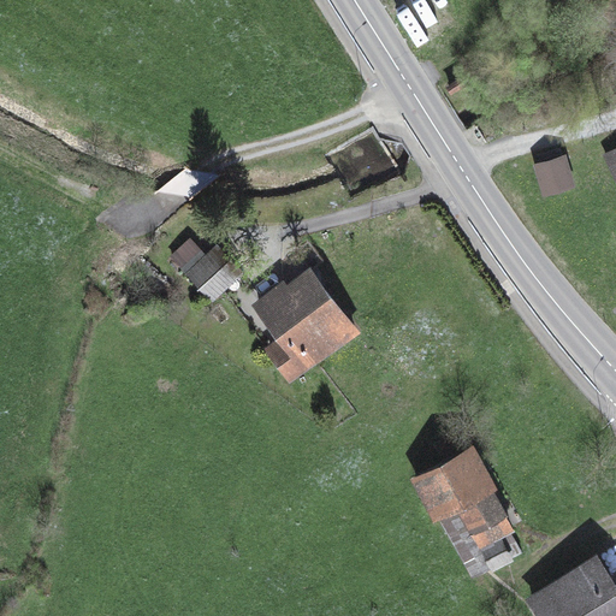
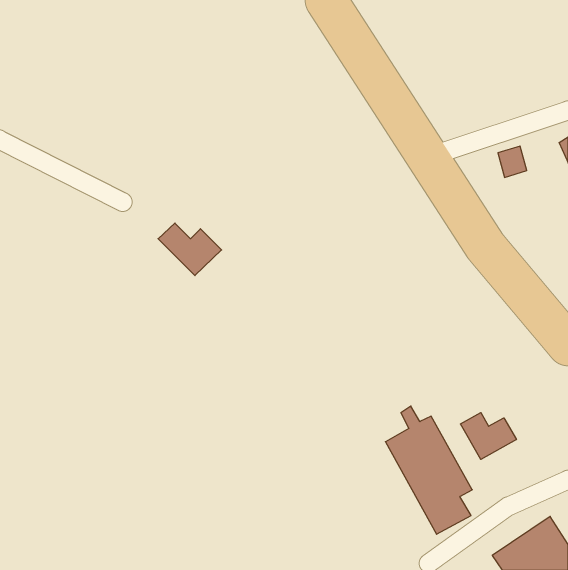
building: [257,271,354,377] -> none
building: none -> [460,413,516,459]

